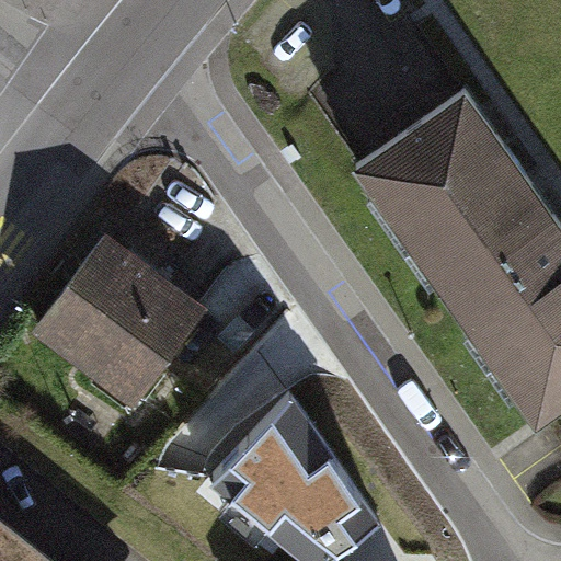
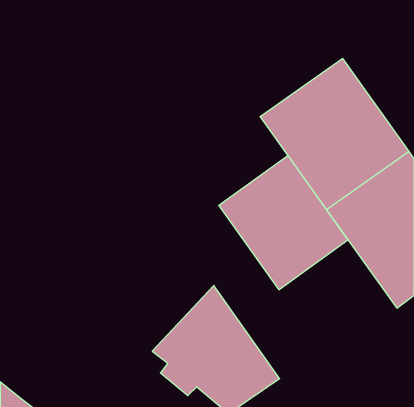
building: none -> [219,156,348,290]
building: [39,244,220,423] -> none

